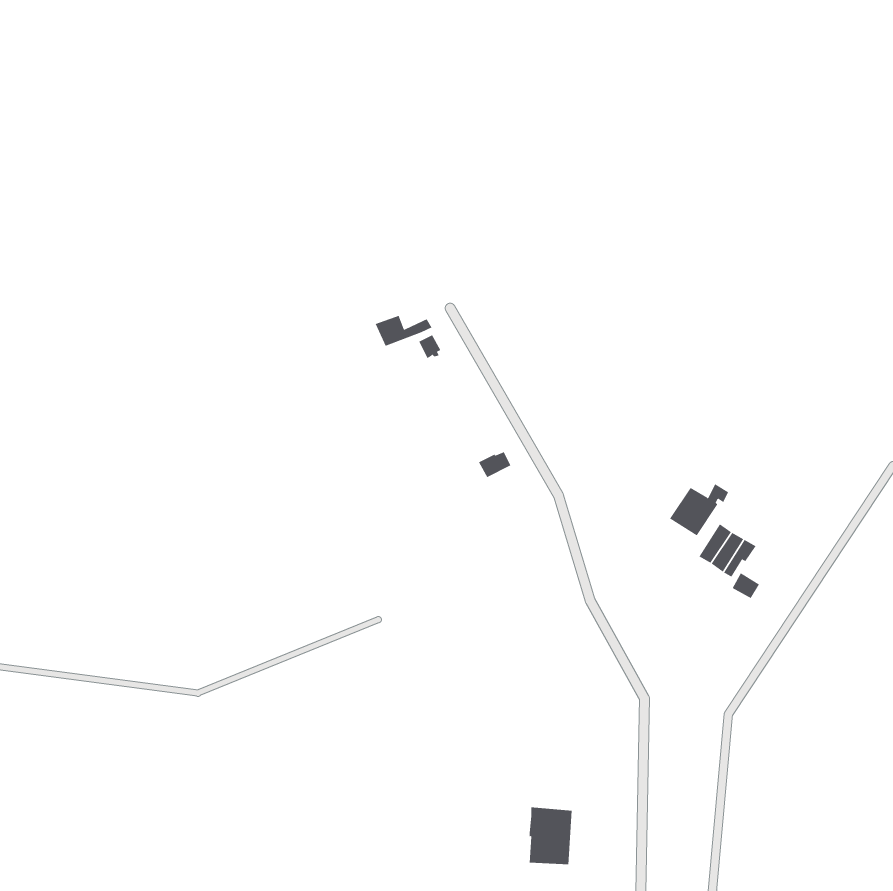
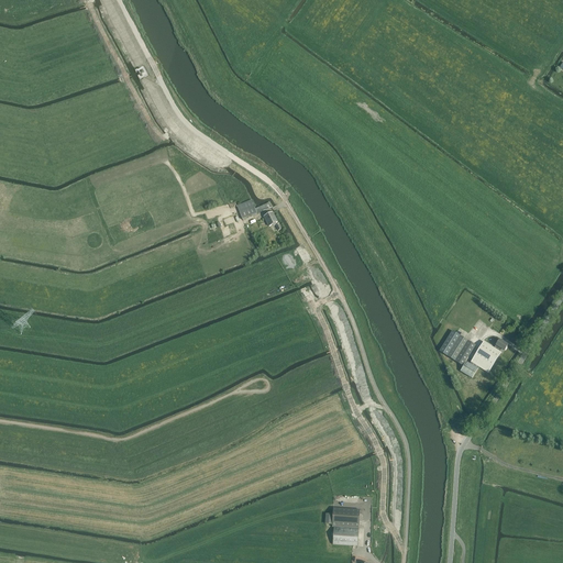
building: [669,484,729,536] -> [470,338,507,371]

